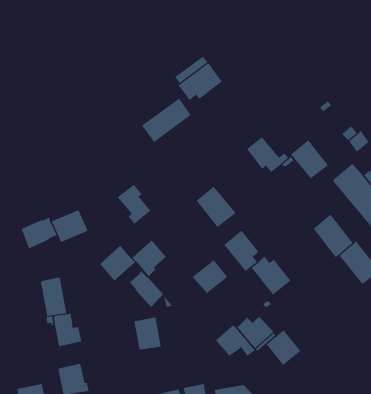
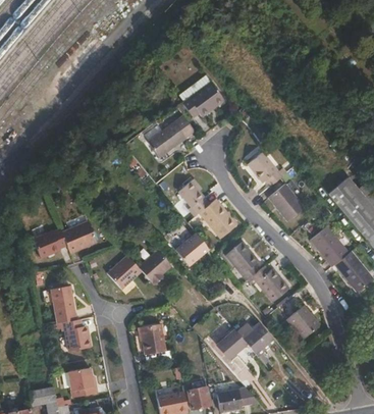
building: [290,140,329,179] -> [268,183,305,220]
building: [117,184,151,225] -> [177,177,210,216]
building: [192,260,228,294] -> [174,232,209,265]
building: [129,270,164,308] -> none
building: [266,329,301,366] -> [286,304,320,339]

